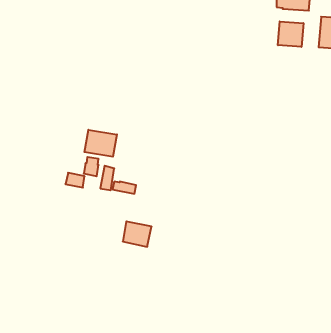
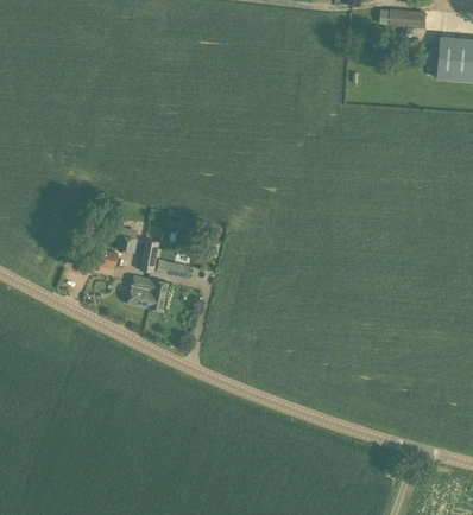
building: [278,21,303,47] -> none
building: [84,130,117,157] -> none
building: [123,221,152,247] -> [130,276,169,311]

